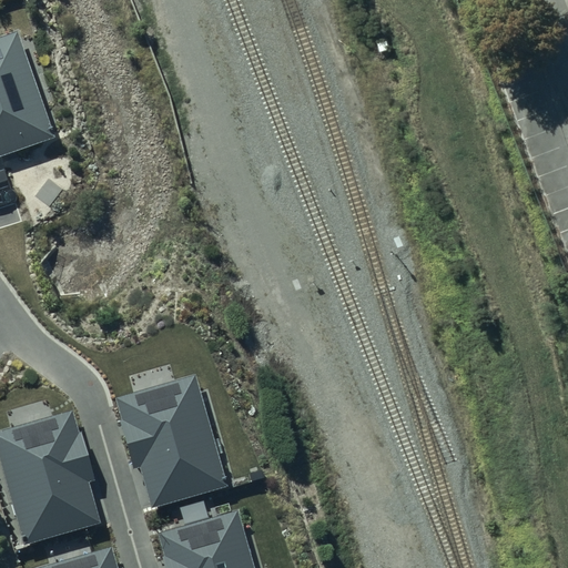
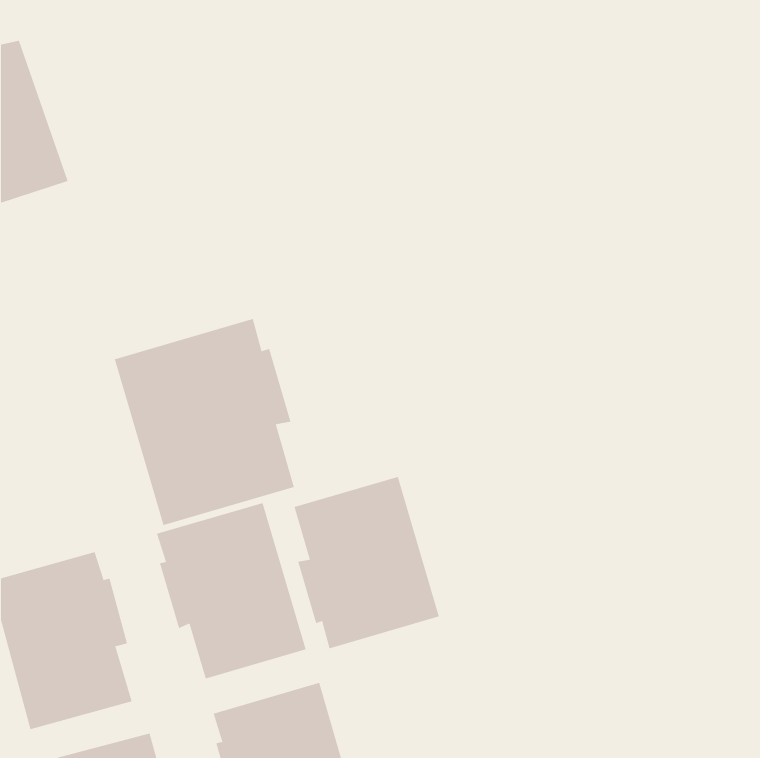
building: none -> [114,318,295,526]
building: none -> [294,476,440,649]

